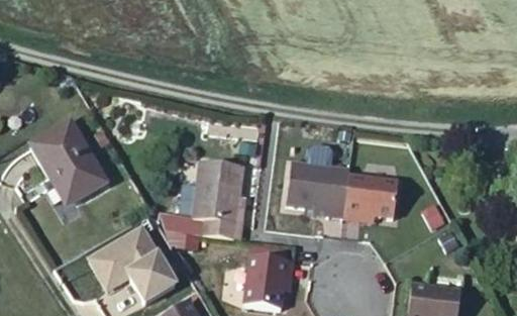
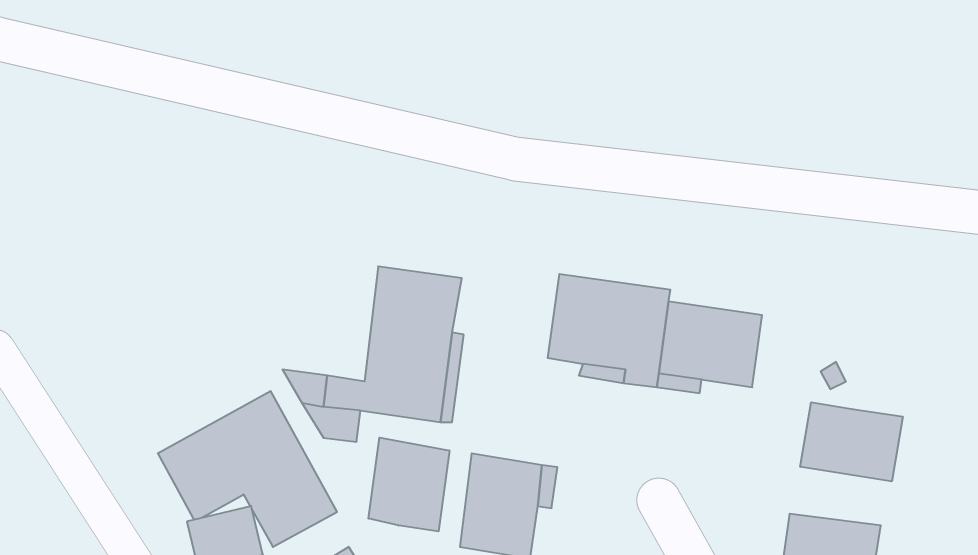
building: [30,120,103,200] -> none
building: none -> [800,402,903,481]
building: none -> [368,438,449,531]

